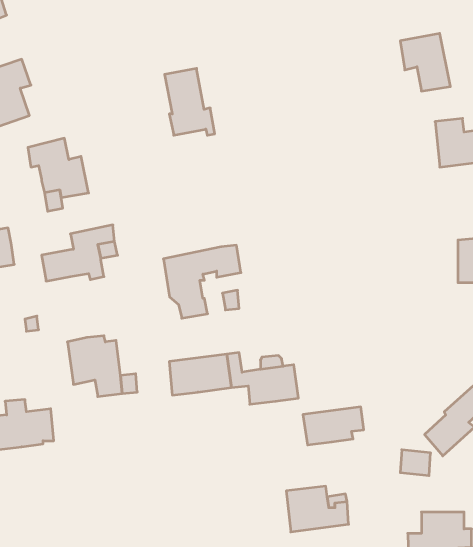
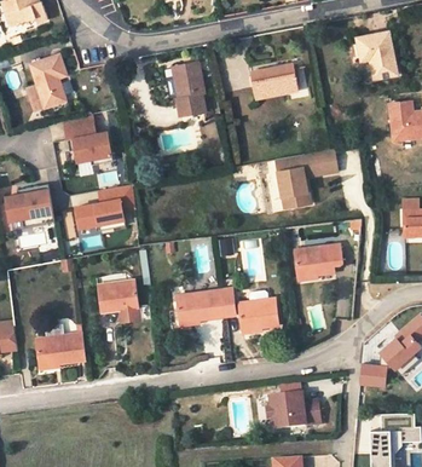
building: none -> [249,68,296,98]
building: [163,245,241,318] -> [273,149,335,207]
building: [303,407,364,445] -> [293,246,341,276]

